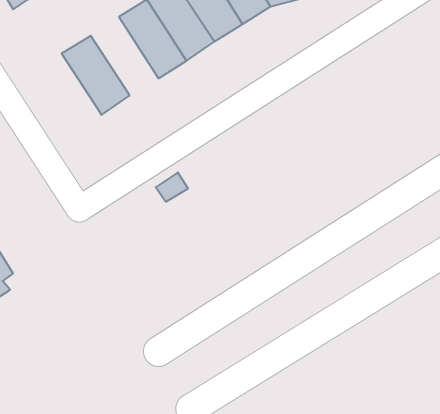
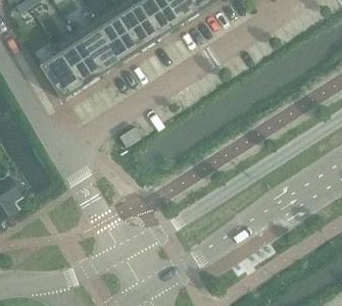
building: none -> [74,17,120,72]
building: none -> [39,43,81,98]

